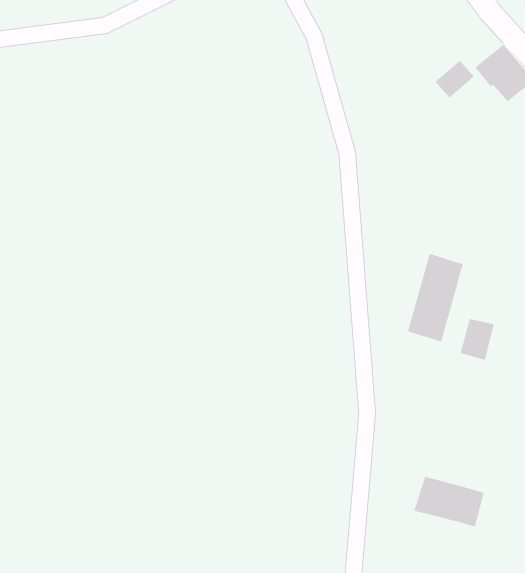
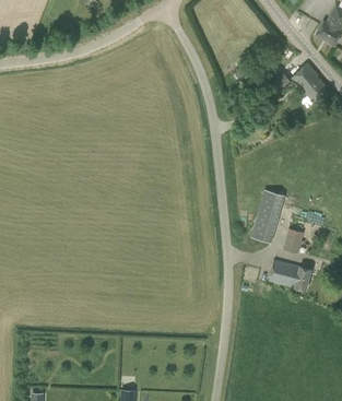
building: [413,476,484,527] -> [268,260,310,291]

